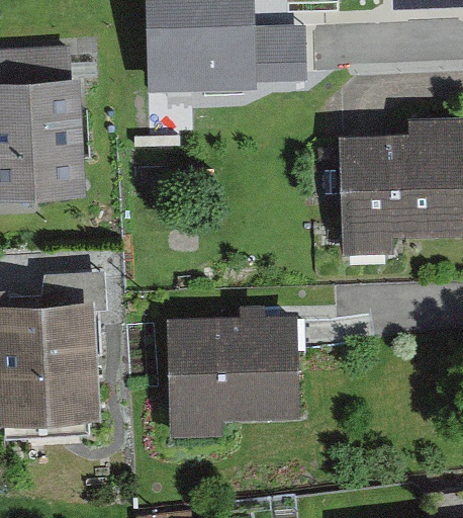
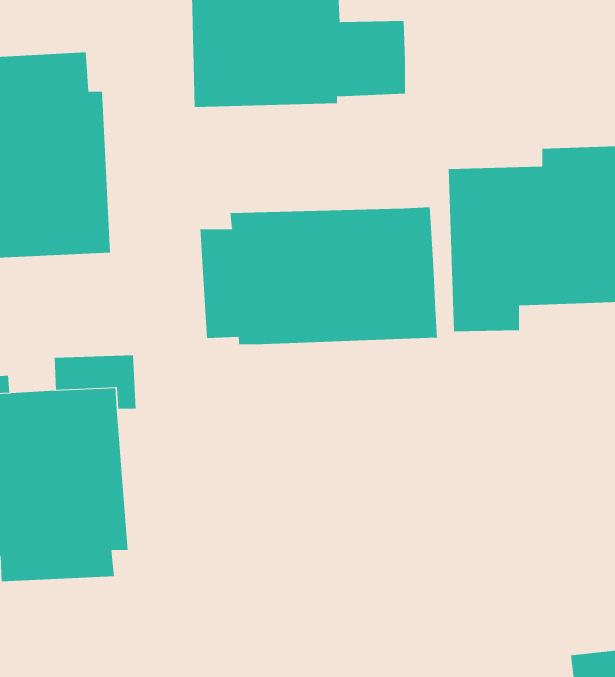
building: none -> [200,207,438,345]
building: [166,307,300,439] -> none

